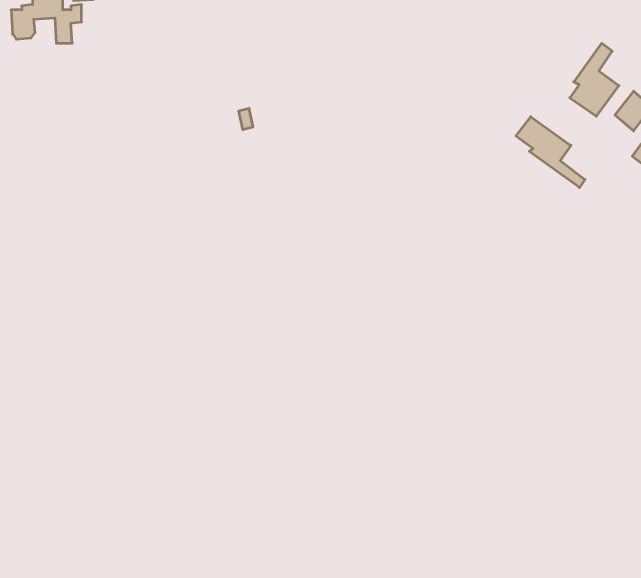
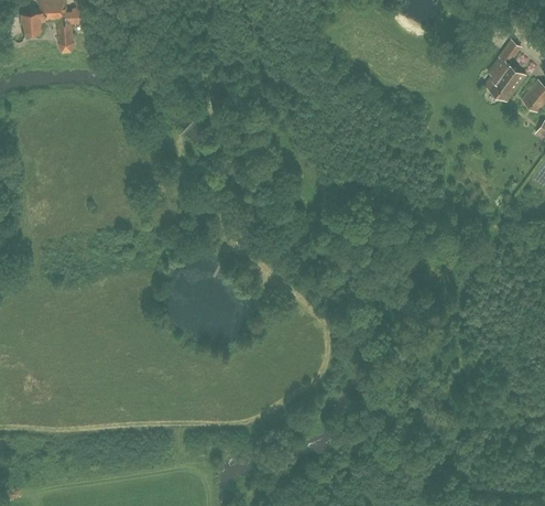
building: [516,117,585,188] -> none

